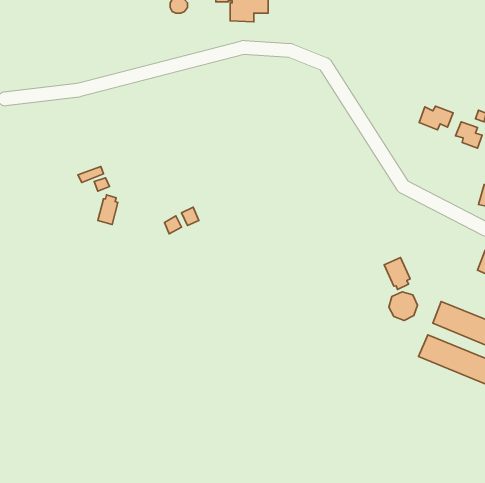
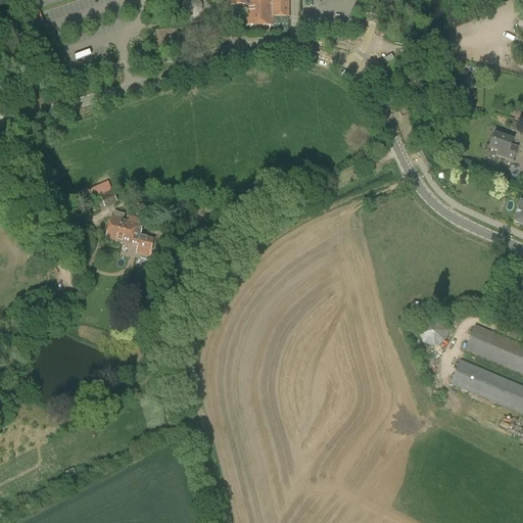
building: [419,106,453,130] -> none
building: none -> [122,213,156,255]
building: [384,257,410,289] -> none

